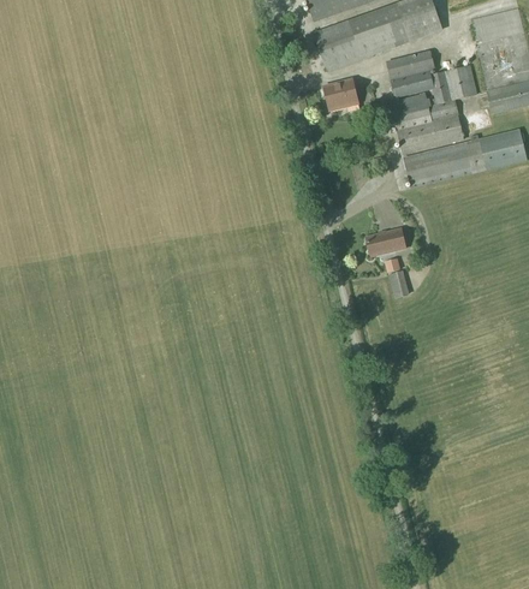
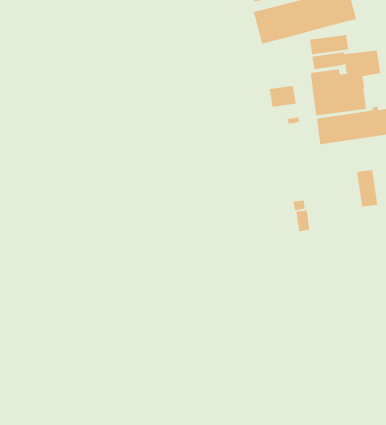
building: [322,79,358,109] -> [269,85,297,108]
building: none -> [356,169,378,207]
building: [365,228,405,256] -> none

